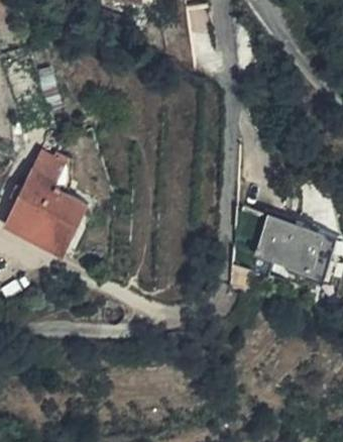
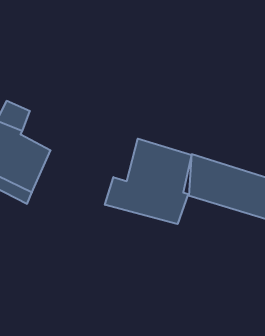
building: none -> [105,139,192,224]

